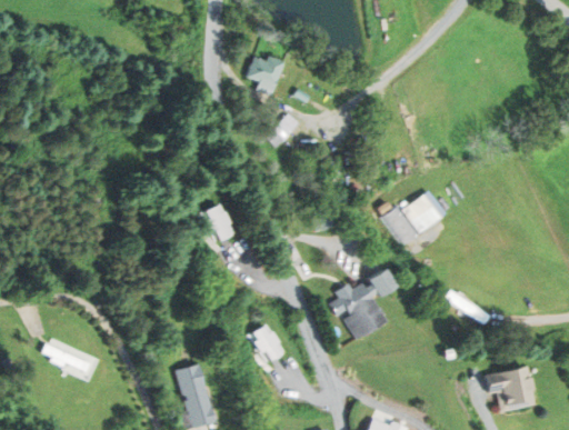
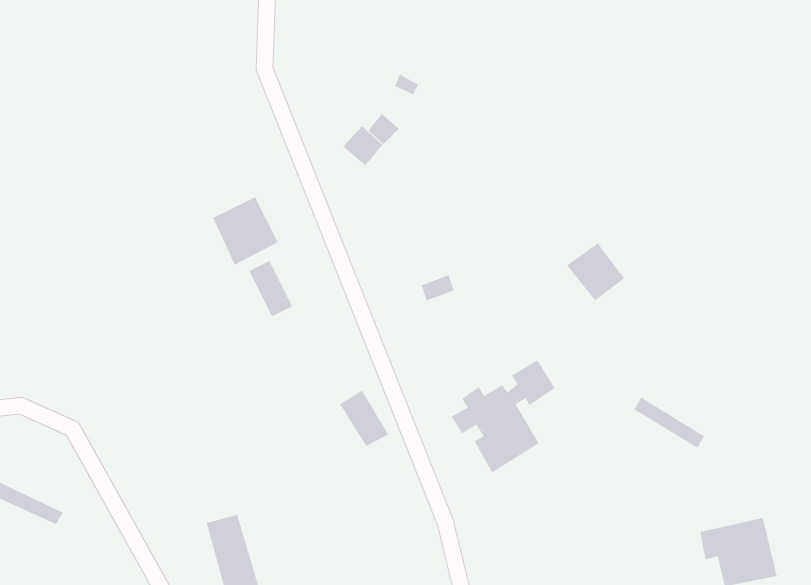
building: [248,57,284,94] -> none
building: none -> [213,197,278,265]
building: [382,206,419,246] -> none
building: [251,326,282,361] -> [339,390,389,447]

